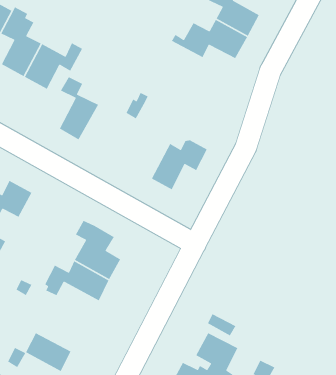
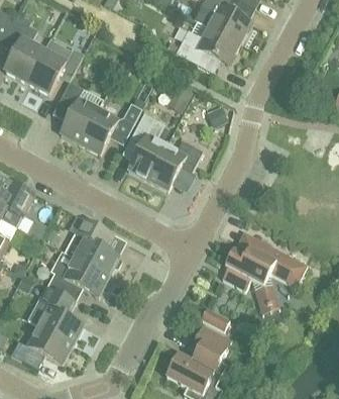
building: none -> [79,109,118,155]
building: none -> [127,113,165,180]
building: none -> [222,234,307,314]
building: none -> [34,287,83,344]

